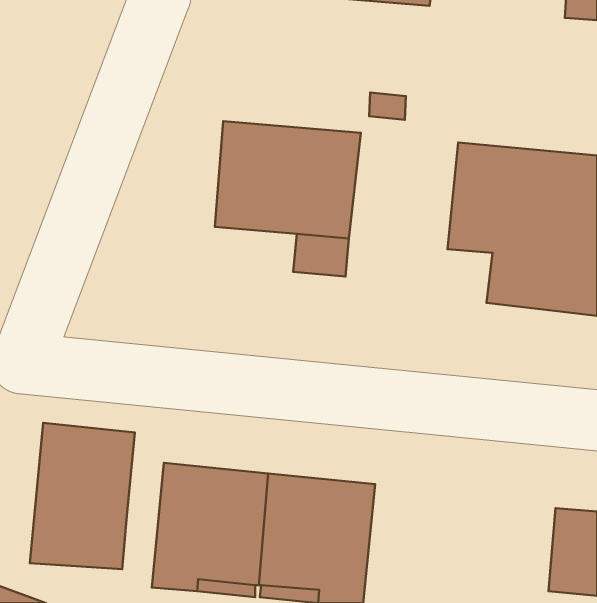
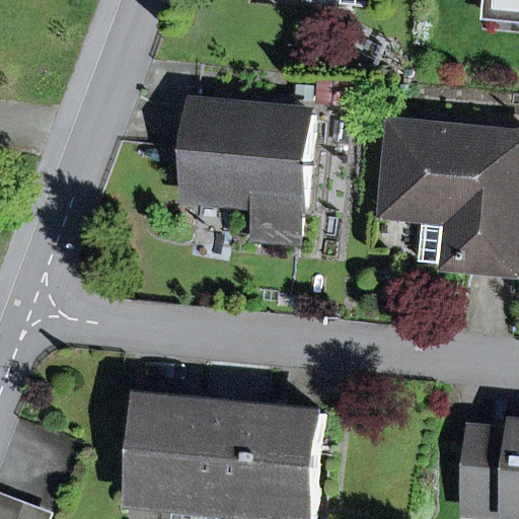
building: [30,423,135,569] -> none

